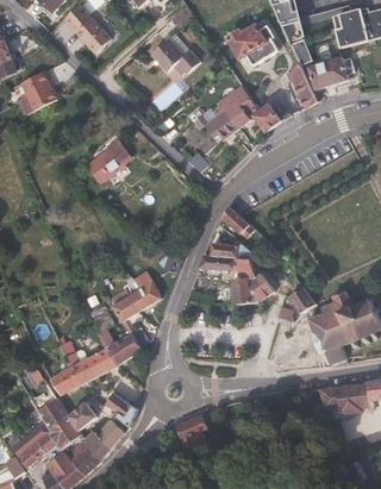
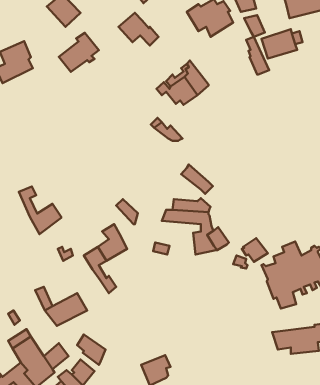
building: [230,84,280,132] -> none
building: [87,139,131,182] -> [59,33,99,72]
building: [94,314,140,366] -> [19,186,61,234]
building: [50,366,83,395] -> none

